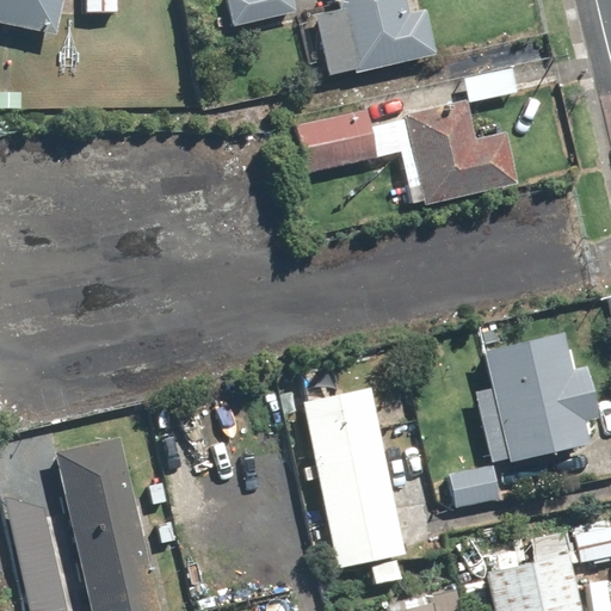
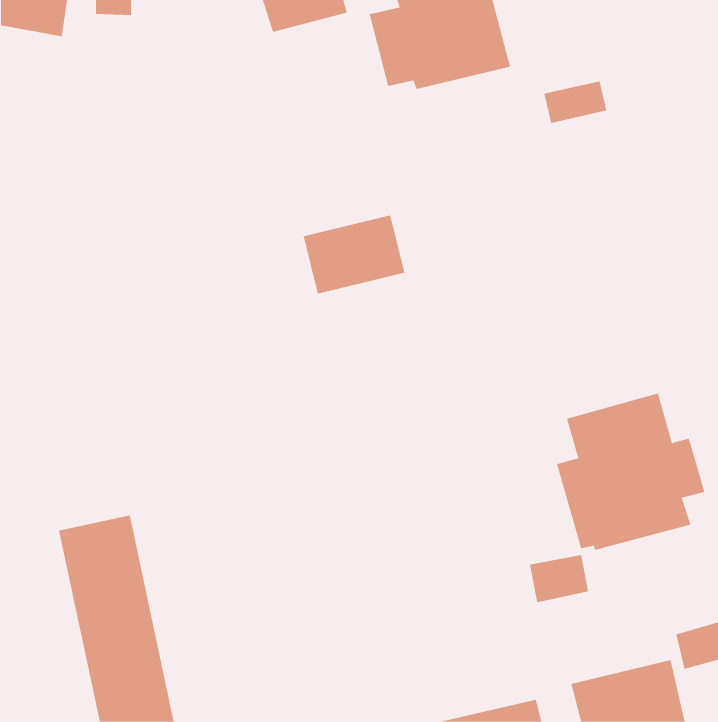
building: [405,103,517,203] -> none
building: [294,107,379,174] -> [303,215,405,294]
building: [301,387,407,570] -> none

